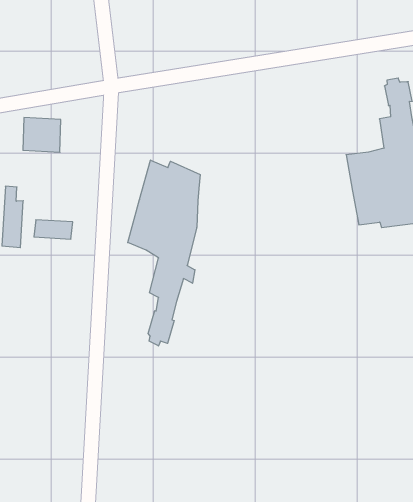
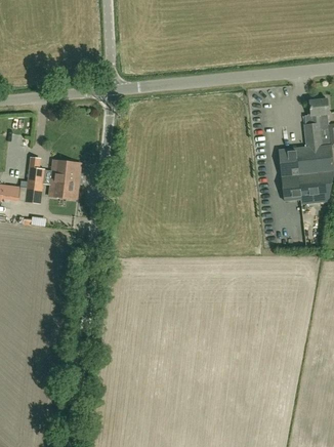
building: [23,118,61,152] -> [51,159,80,186]
building: [128,160,200,346] -> none

